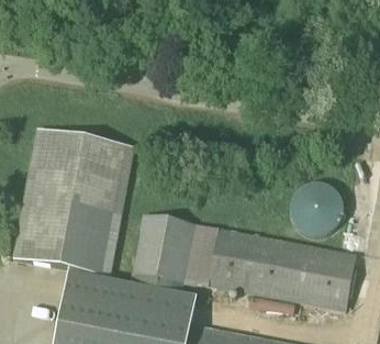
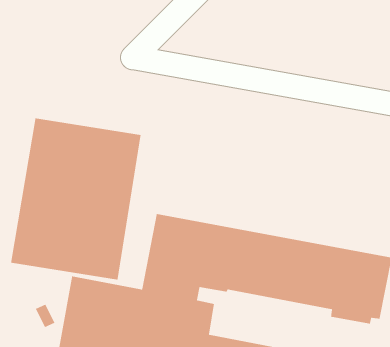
building: [300,185,346,232] -> none

